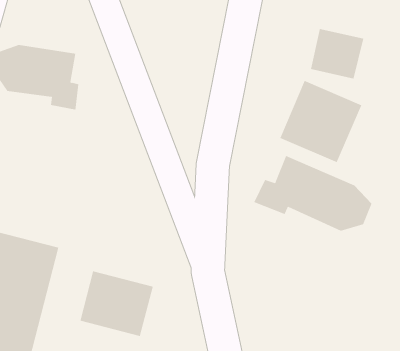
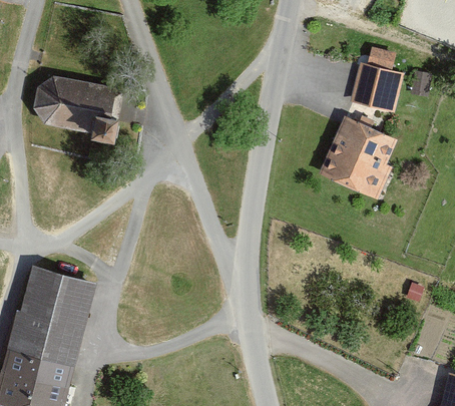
building: [253,155,372,231] -> none
building: [80,271,153,337] -> none

